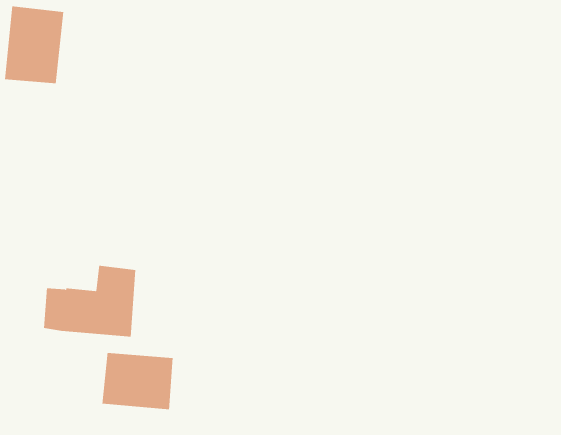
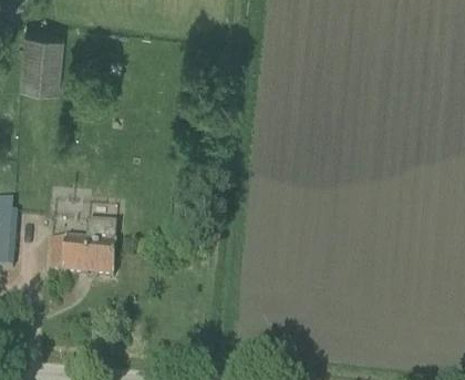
building: [102,352,173,410] -> none

